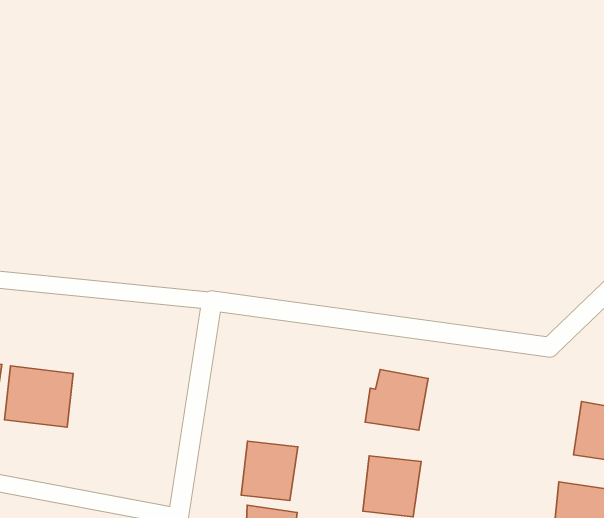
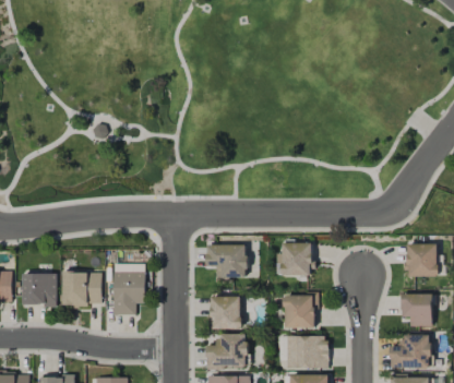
building: none -> [206,244,247,278]
building: none -> [112,263,145,315]

